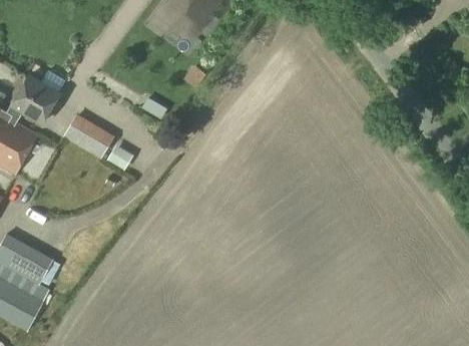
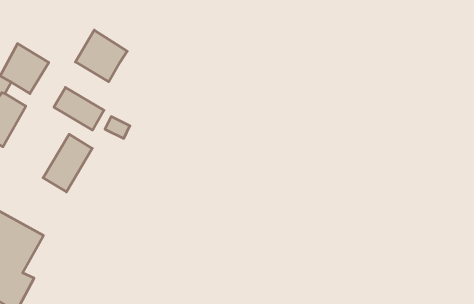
building: none -> [75,30,127,82]
building: none -> [43,134,92,192]

